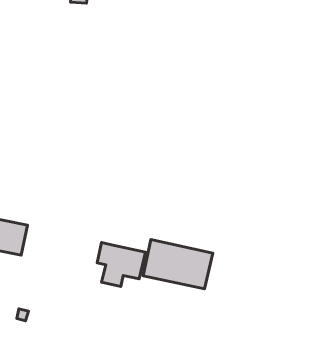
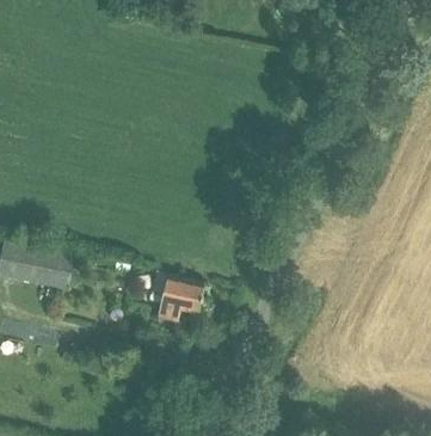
building: [143,240,213,289] -> none

